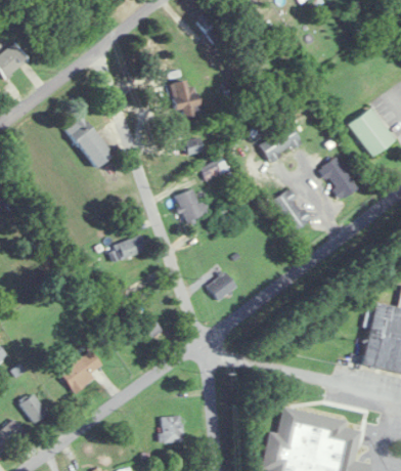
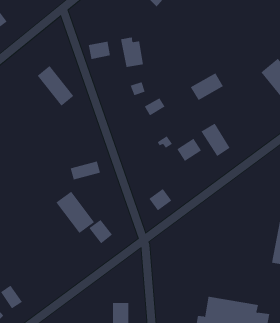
building: none -> [88,41,111,60]
building: [318,158,358,199] -> none
building: [175,187,206,225] -> none
building: none -> [177,138,202,162]
building: none -> [56,191,95,234]
building: [54,349,102,392] -> none

